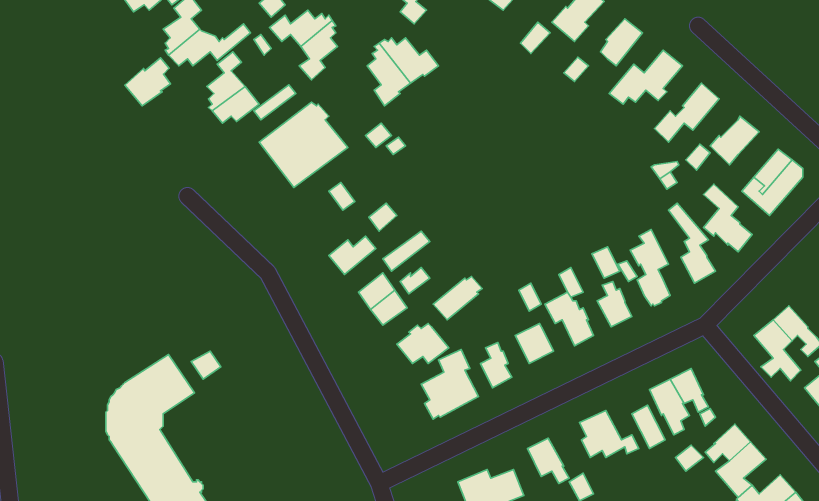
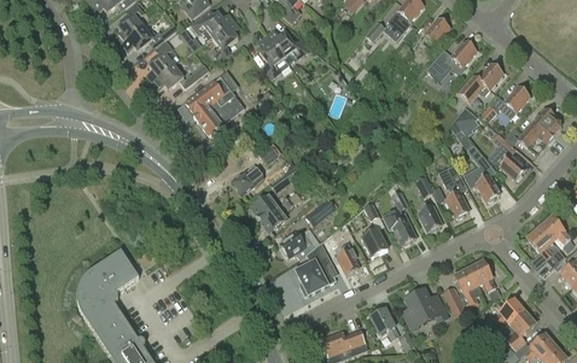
building: [125,58,170,106] -> none

